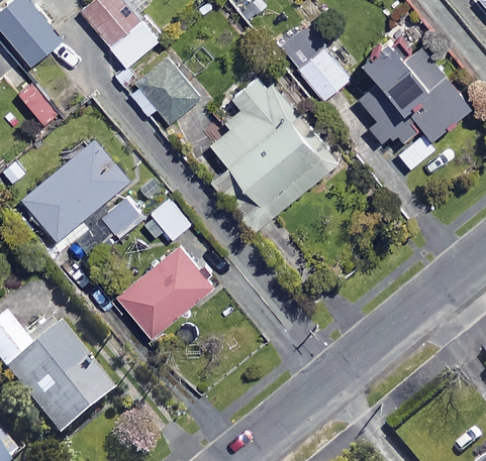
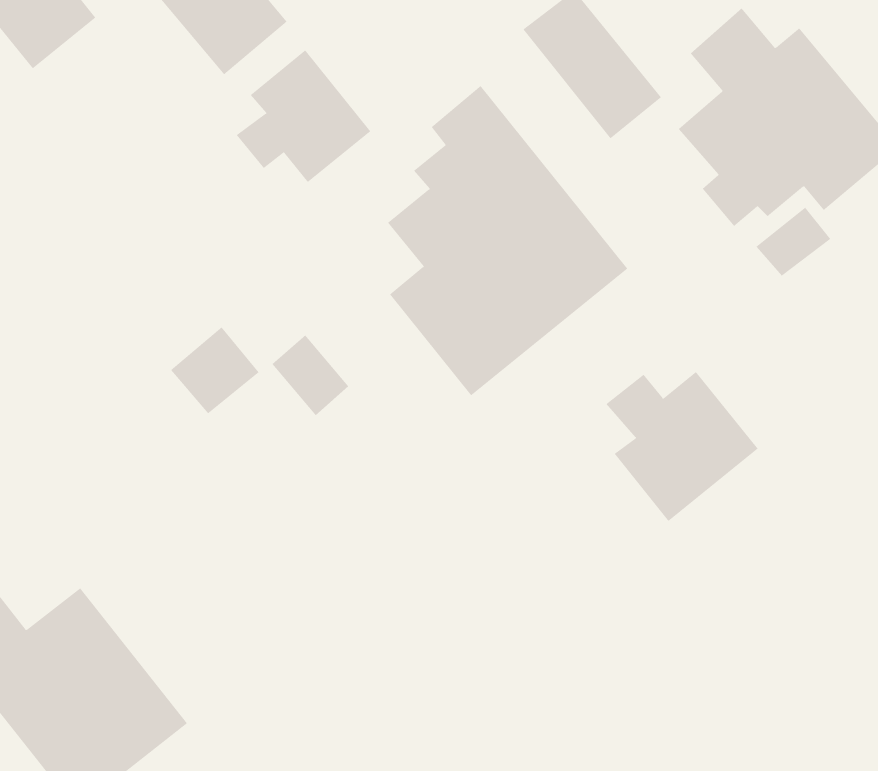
building: [23,139,130,241] -> none
building: none -> [606,371,758,522]
building: [115,245,213,339] -> none

